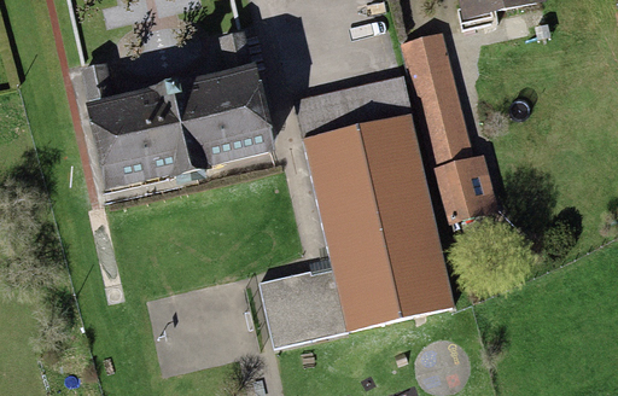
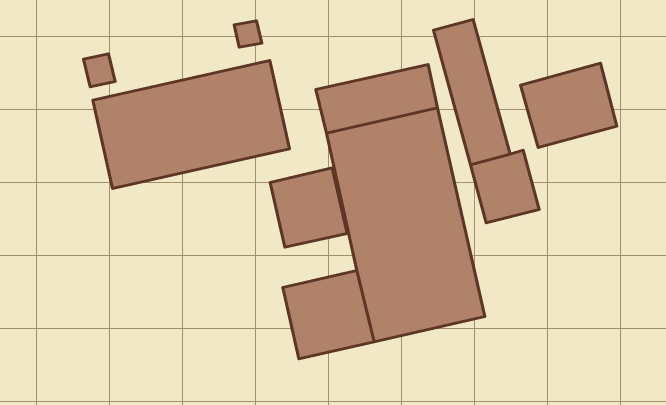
building: none -> [521,63,617,148]
building: none -> [270,168,347,247]

